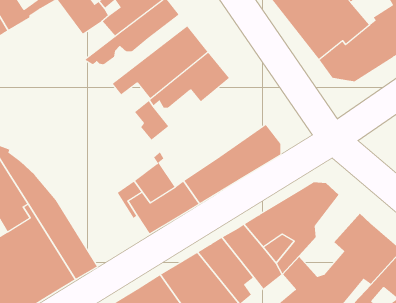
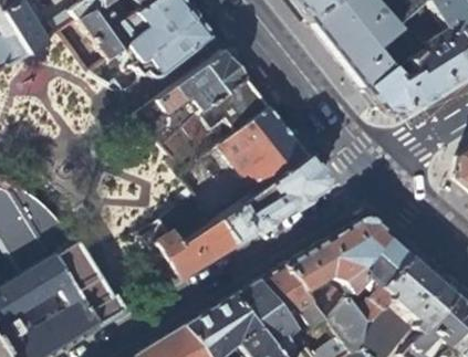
building: none -> [220,107,309,193]
building: none -> [345,235,412,325]

